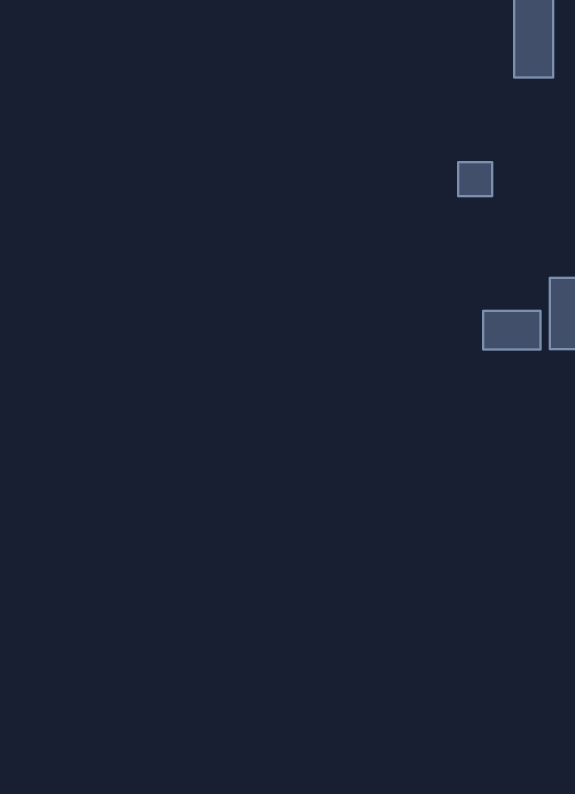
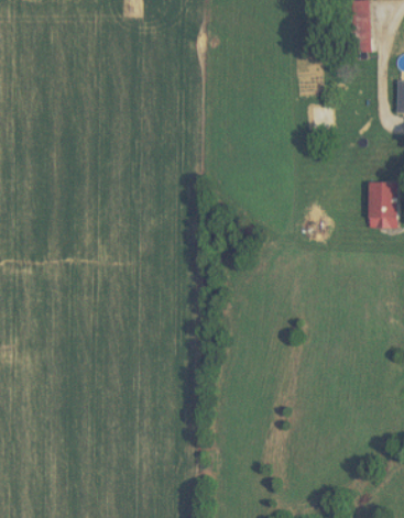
building: [483,311,541,350] -> none

